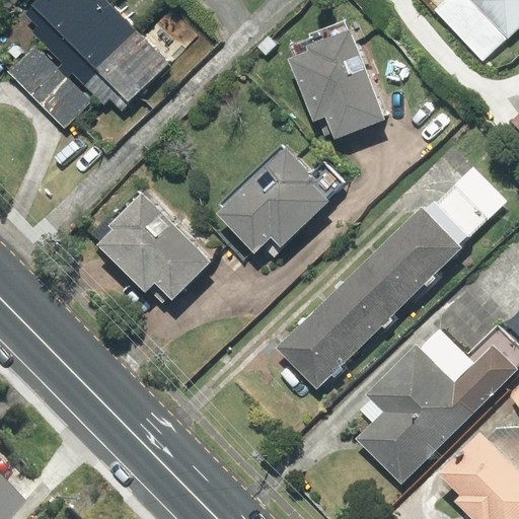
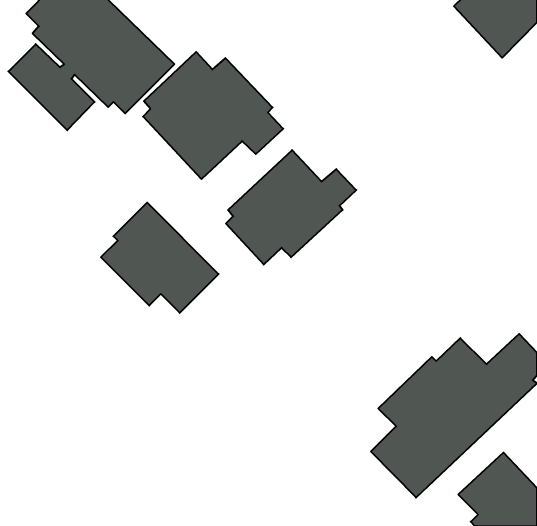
building: [288,31,385,140] -> none
building: none -> [143,52,283,179]
building: [277,166,507,389] -> none

